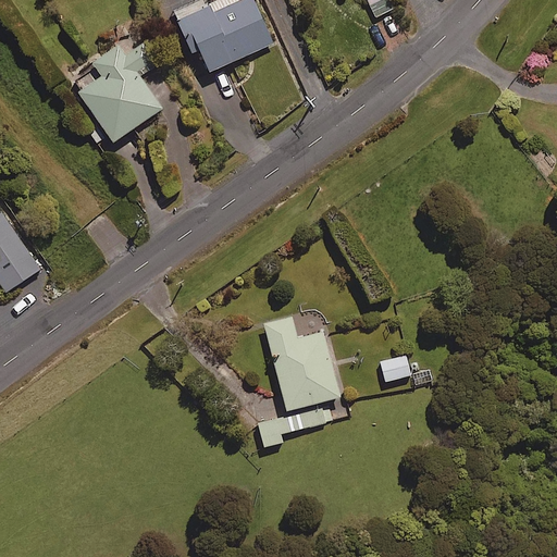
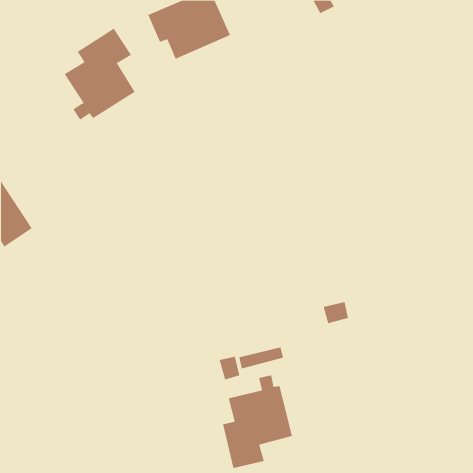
building: [263,317,339,409] -> none
building: none -> [222,375,293,469]

